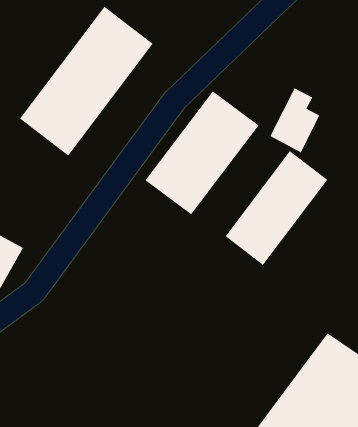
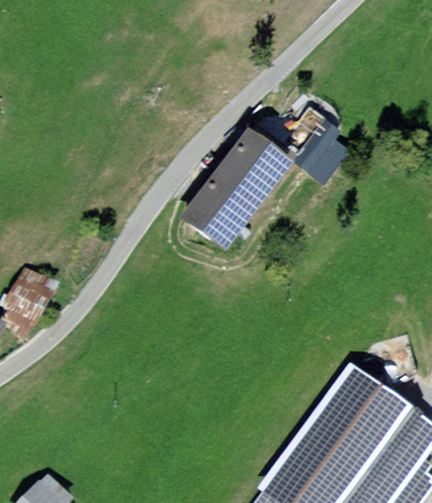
building: [19,6,154,156] -> none
building: [225,150,328,266] -> none

